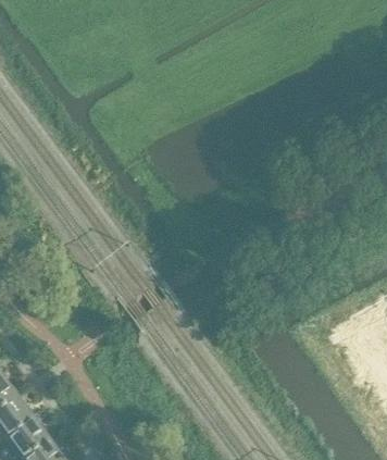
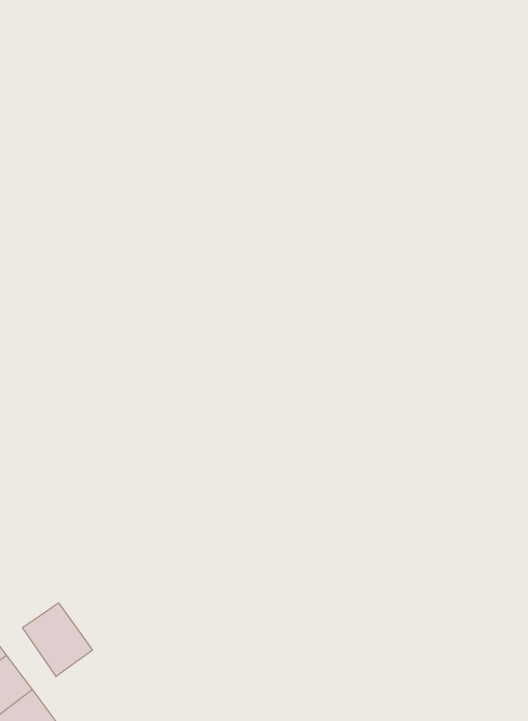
building: none -> [23,603,92,677]

